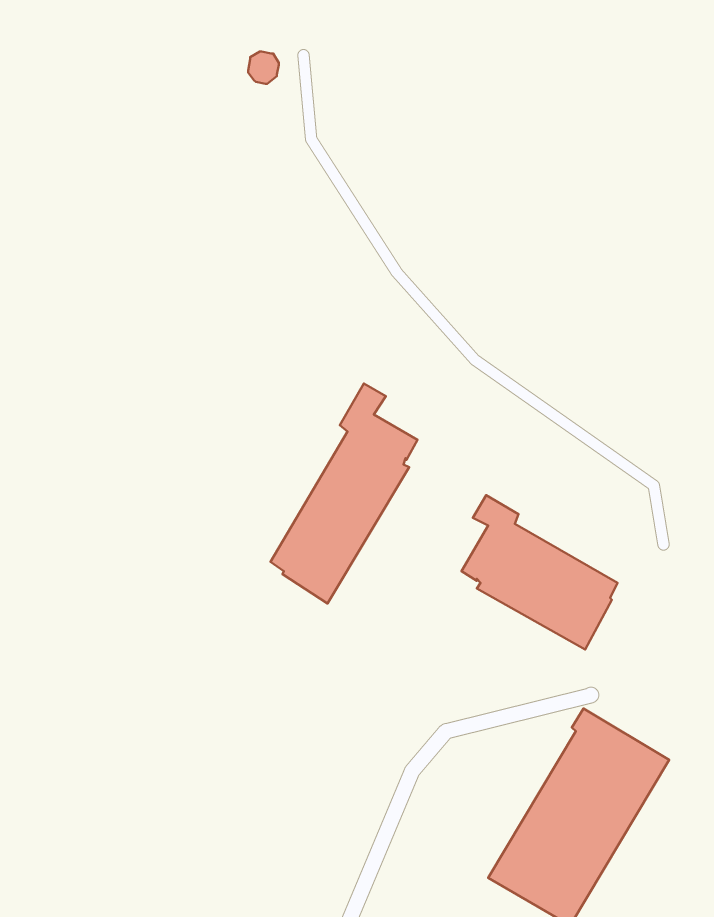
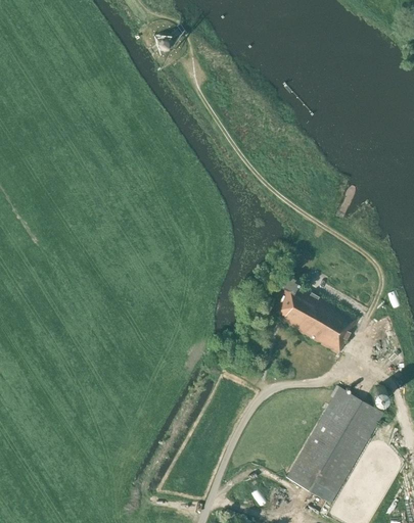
building: [270,384,417,603] -> none

